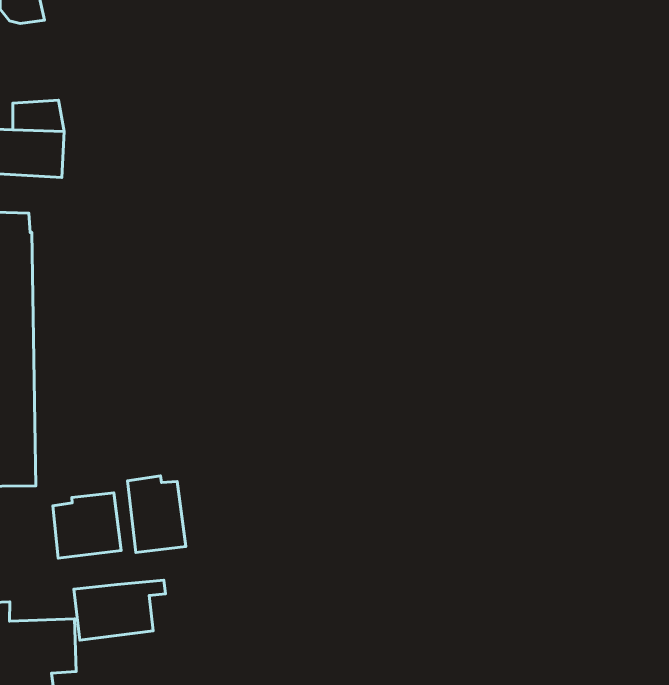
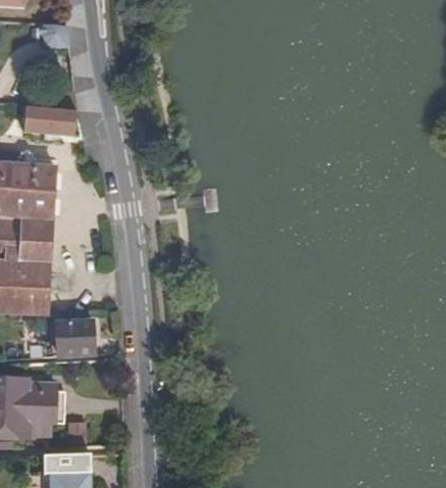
building: [127,476,186,553] -> none
building: [74,580,166,640] -> none

